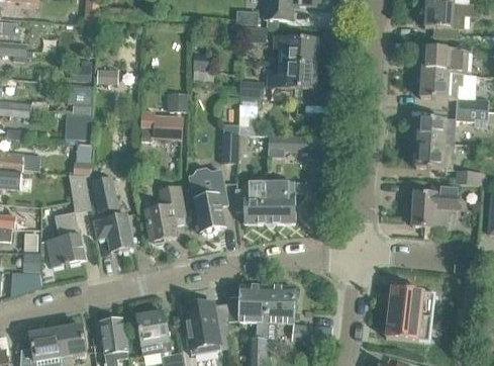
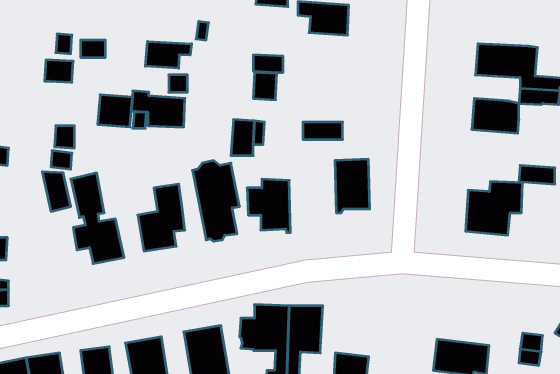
building: [421,45,472,74] -> none
building: [266,62,315,89] -> none
building: none -> [145,41,192,68]
building: [67,108,95,134] -> [98,95,132,127]
building: [414,141,454,168] -> none
building: [268,181,296,224] -> [335,159,370,213]
building: [46,210,83,263] -> none
building: [388,286,433,316] -> none

